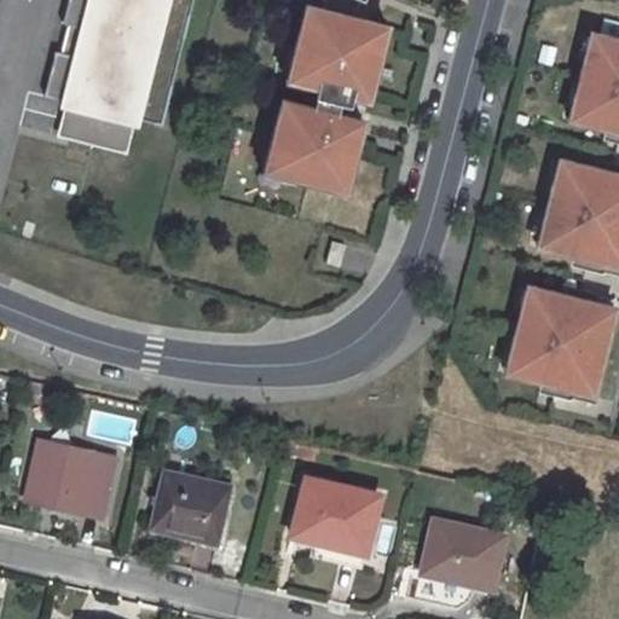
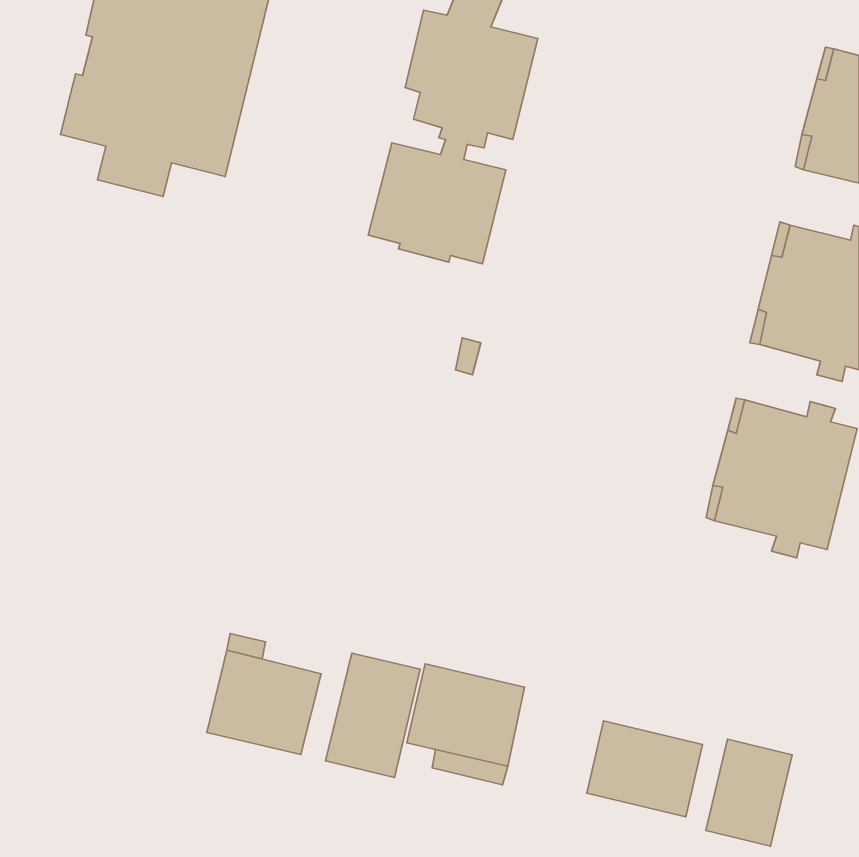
building: [24,439,115,516] -> none
building: none -> [325,653,420,778]
building: none -> [706,739,792,846]

